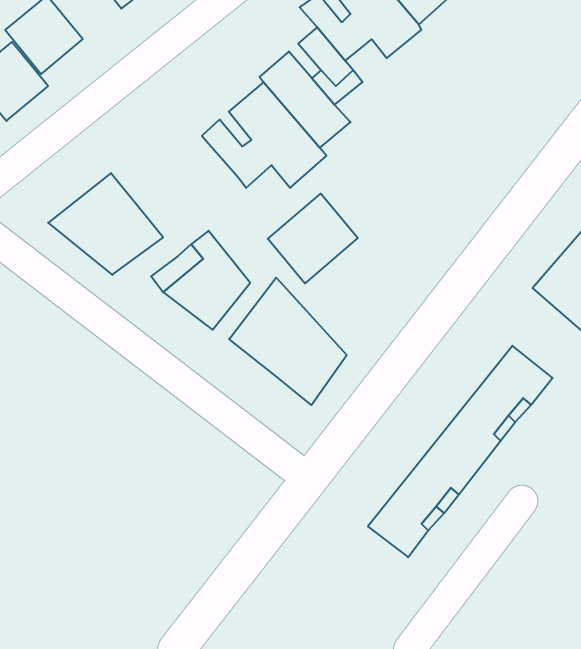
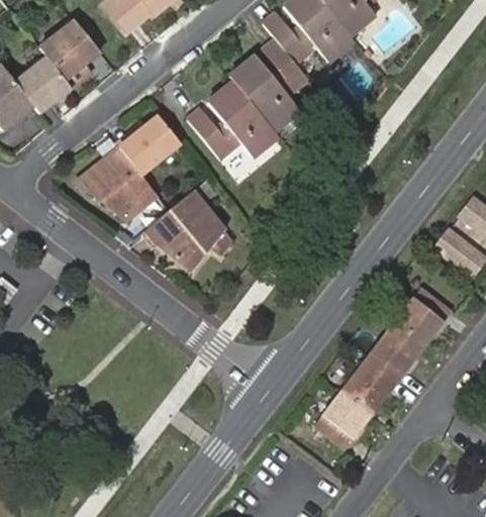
building: none -> [121,118,182,177]
building: [268,194,358,283] -> none
building: [229,278,347,405] -> none

